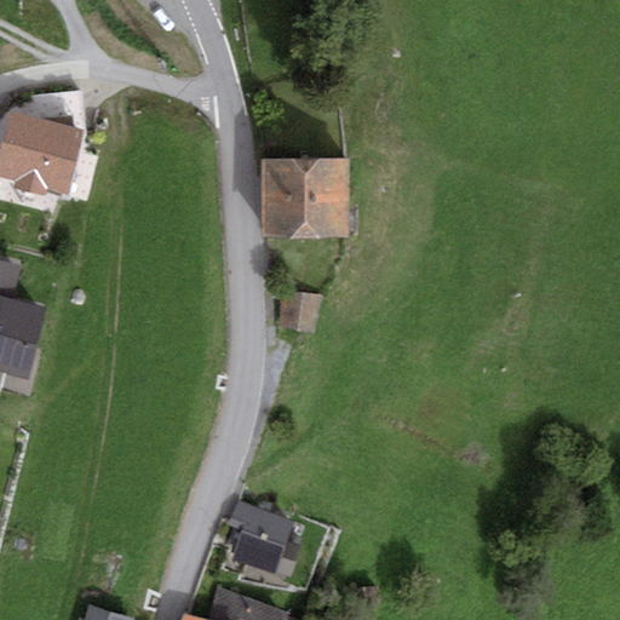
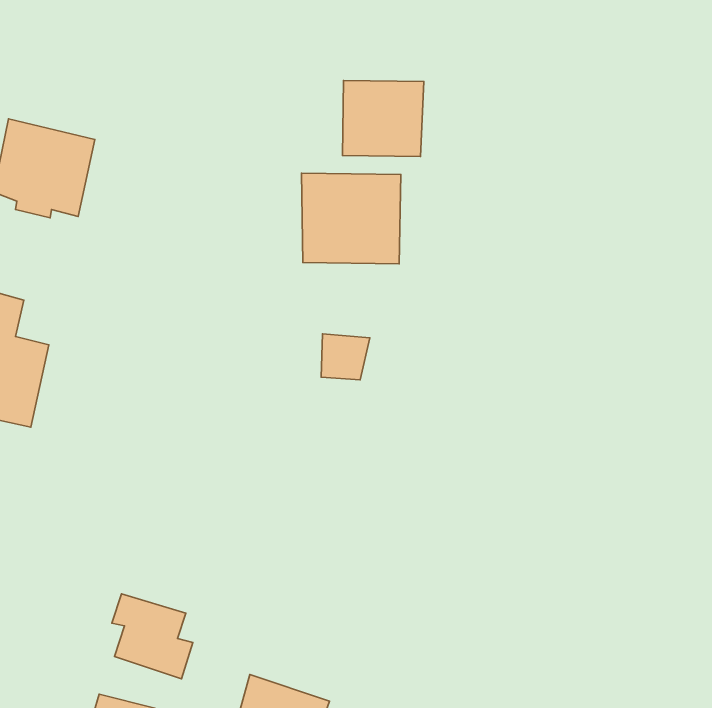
building: none -> [343,81,424,157]
building: [229,504,299,578] -> [112,594,193,679]

